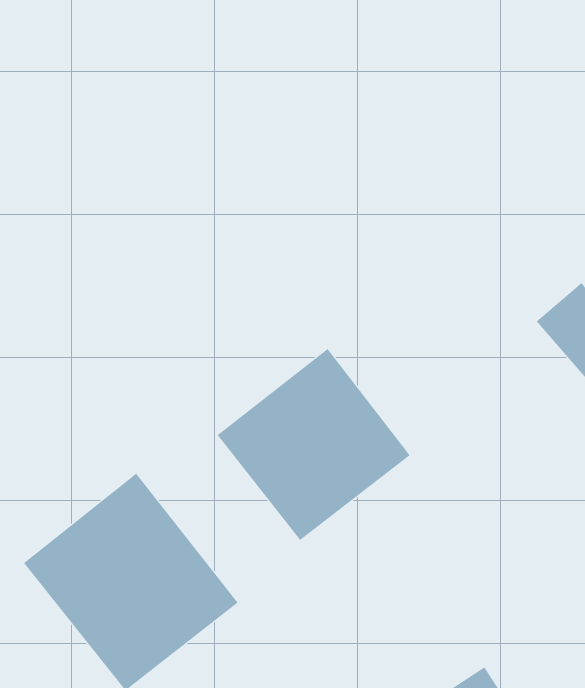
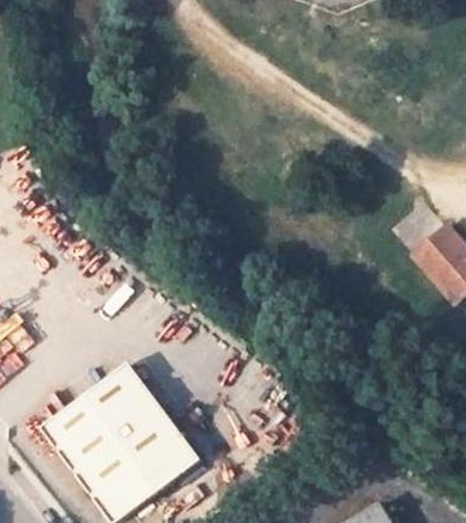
building: [217,348,411,541] -> none

